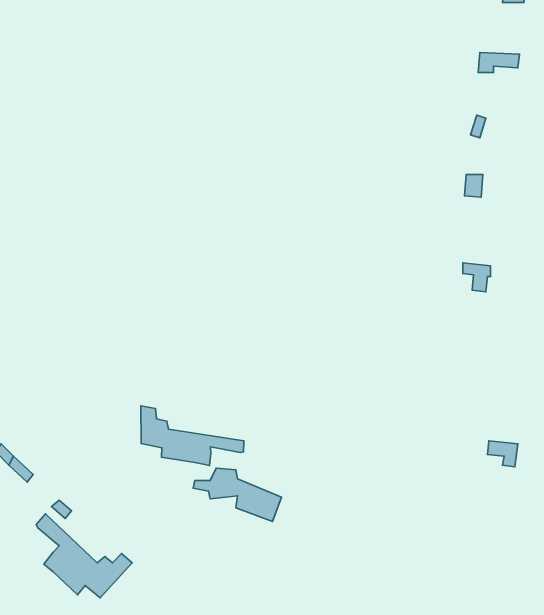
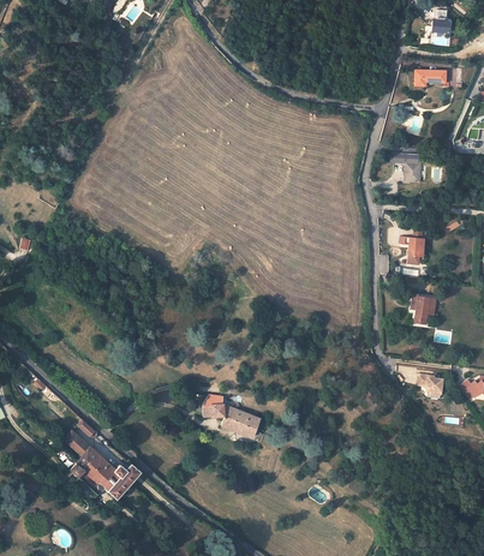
building: none -> [411,294,438,325]
building: [141,406,244,465] -> none

